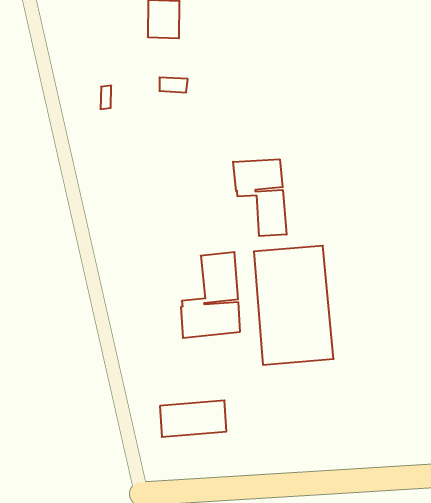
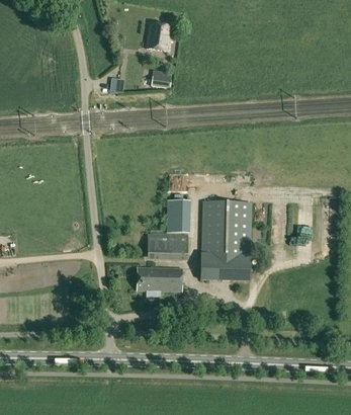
building: [233,159,287,236] -> none
building: [160,400,226,437] -> [137,267,182,289]

